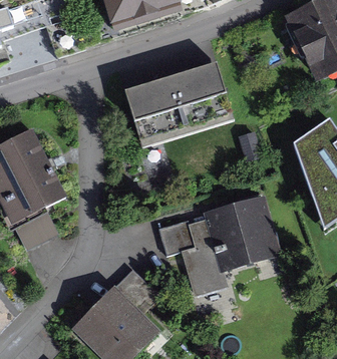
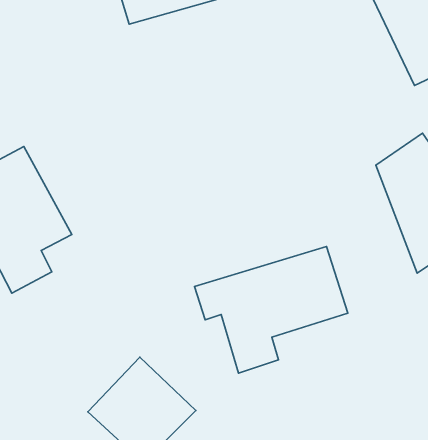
building: [126,65,229,148] -> none

